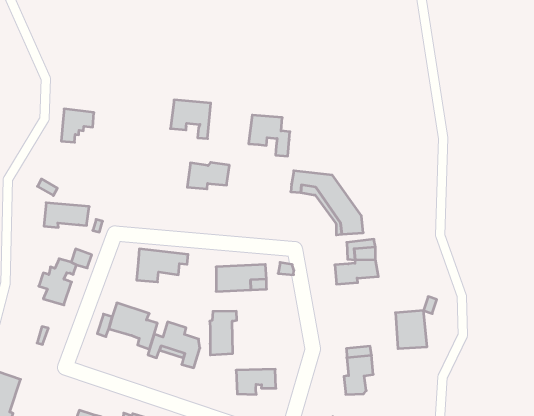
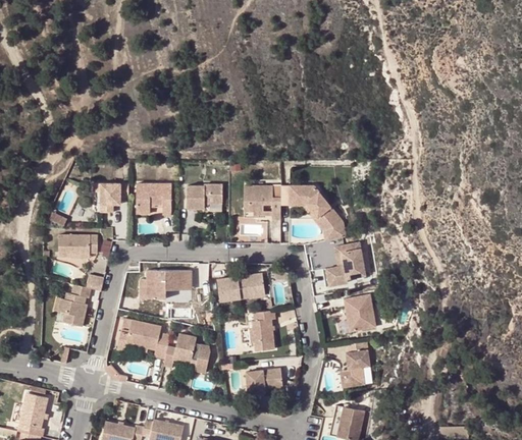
building: [170,100,211,139] -> [136,182,170,215]
building: [61,109,94,142] -> [101,181,128,211]
building: [249,115,290,156] -> [244,185,280,220]
building: [395,311,427,349] -> [345,294,376,331]
building: [210,311,237,355] -> [252,310,276,351]

